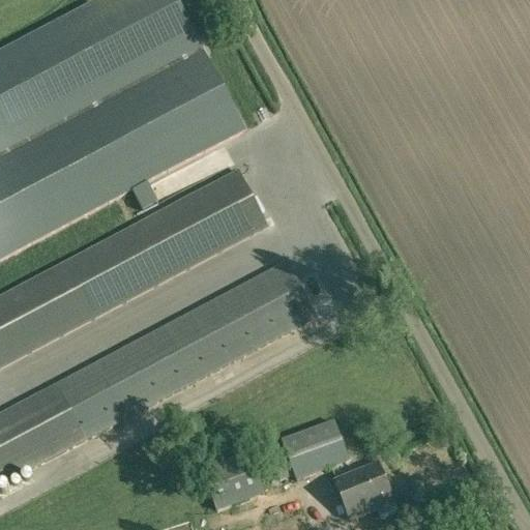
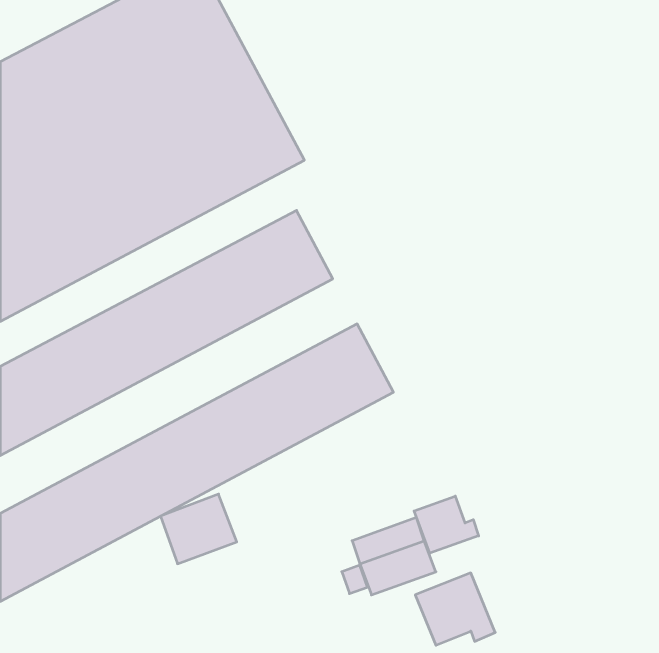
building: none -> [414,496,479,553]
building: [203,452,264,508] -> [161,494,237,564]

